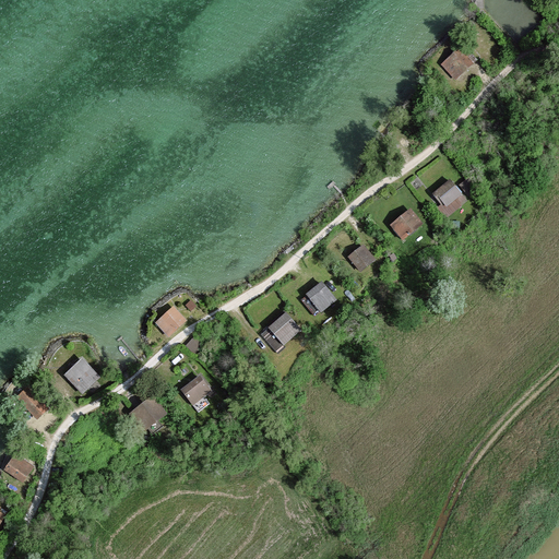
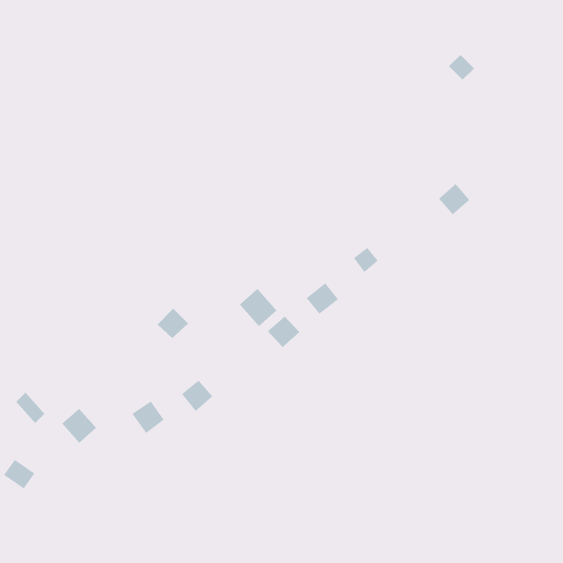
building: [389,210,421,243] -> none
building: none -> [239,288,277,327]
building: [61,358,96,393] -> [62,408,97,443]

